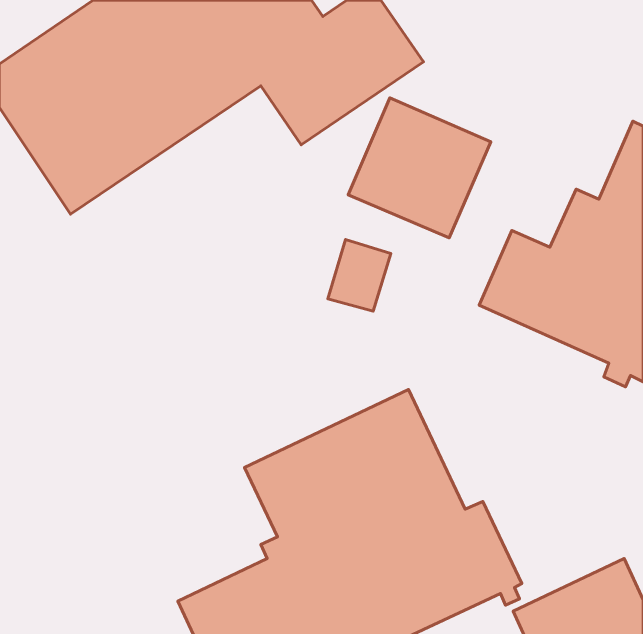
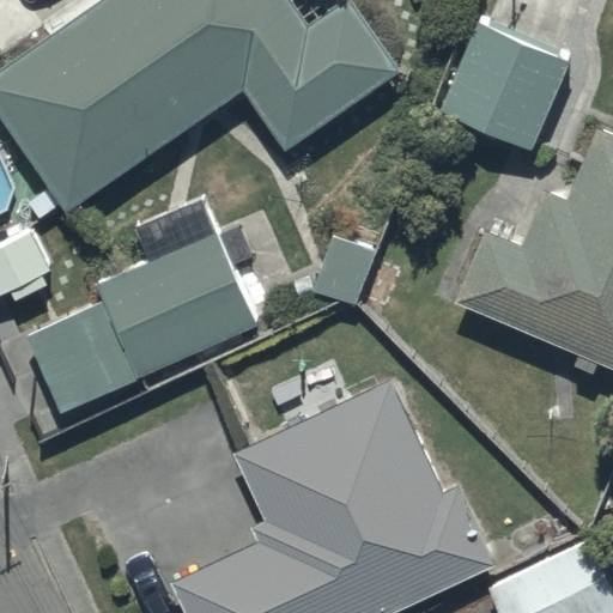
building: [348,98,491,238] -> [439,18,575,151]
building: none -> [26,200,257,414]

